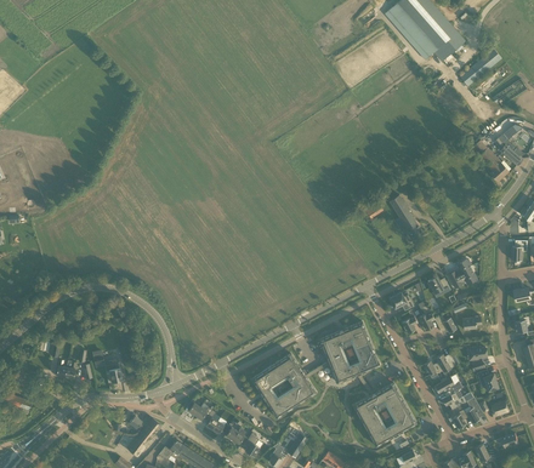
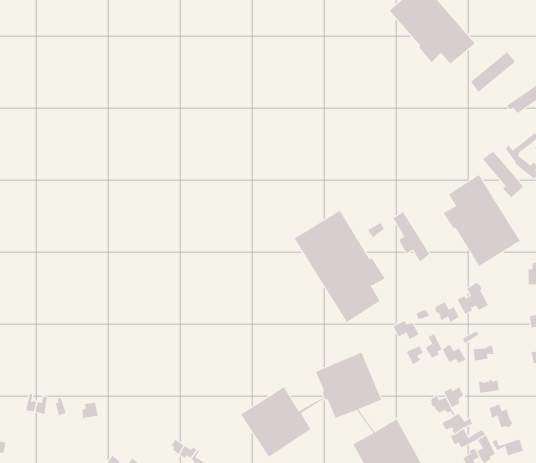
building: none -> [443,174,521,267]
building: none -> [294,210,386,323]

